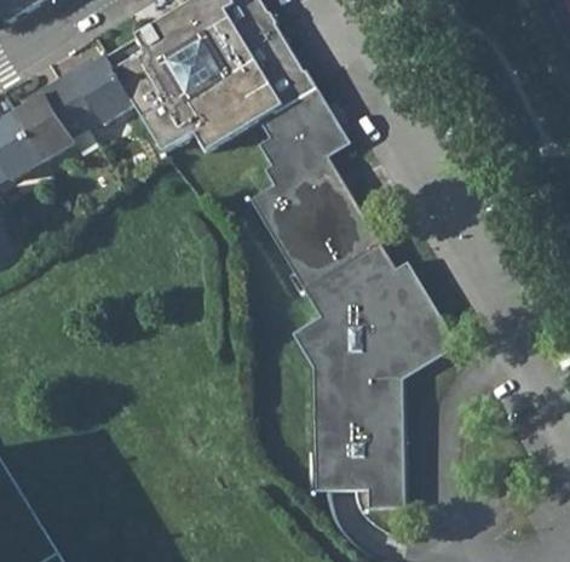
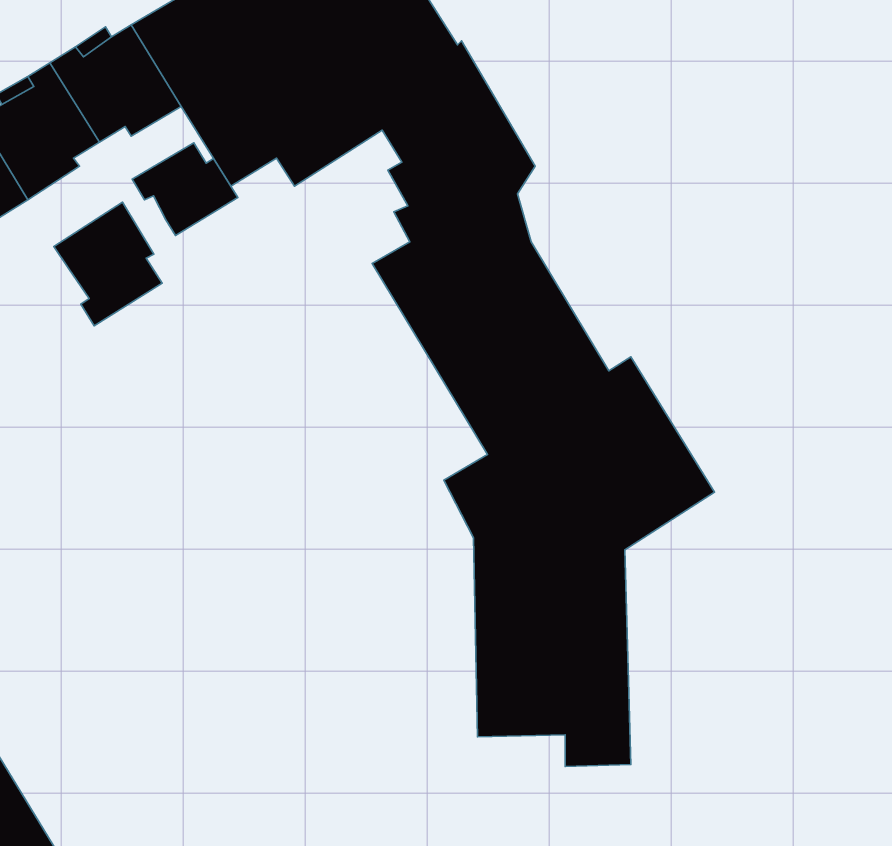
building: none -> [132,143,238,235]
building: none -> [54,202,162,326]

